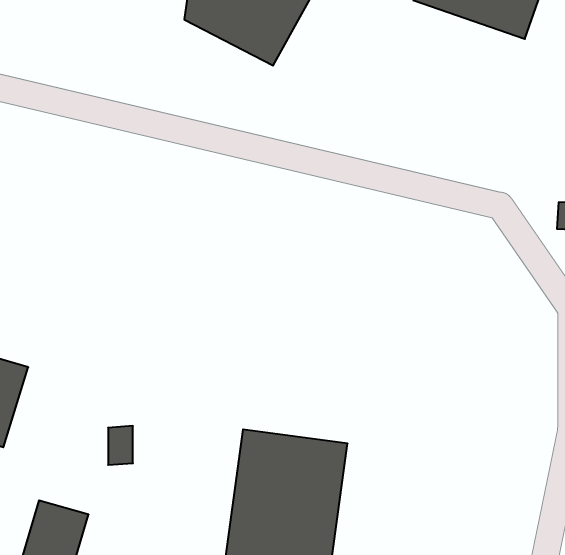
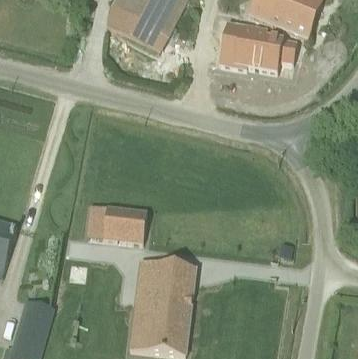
building: none -> [219,24,297,73]
building: none -> [89,206,132,236]

